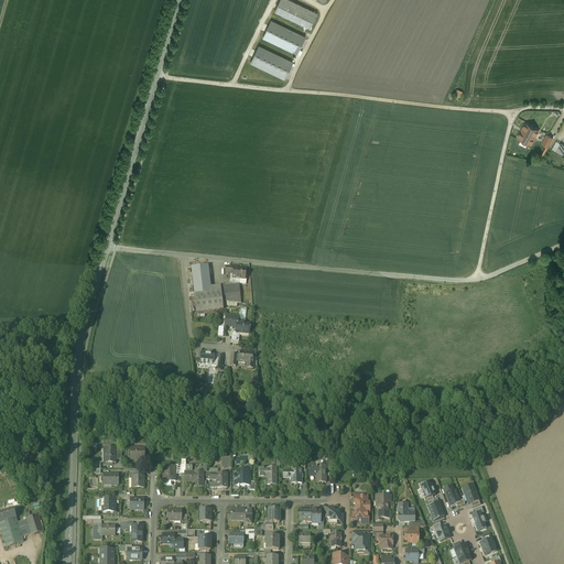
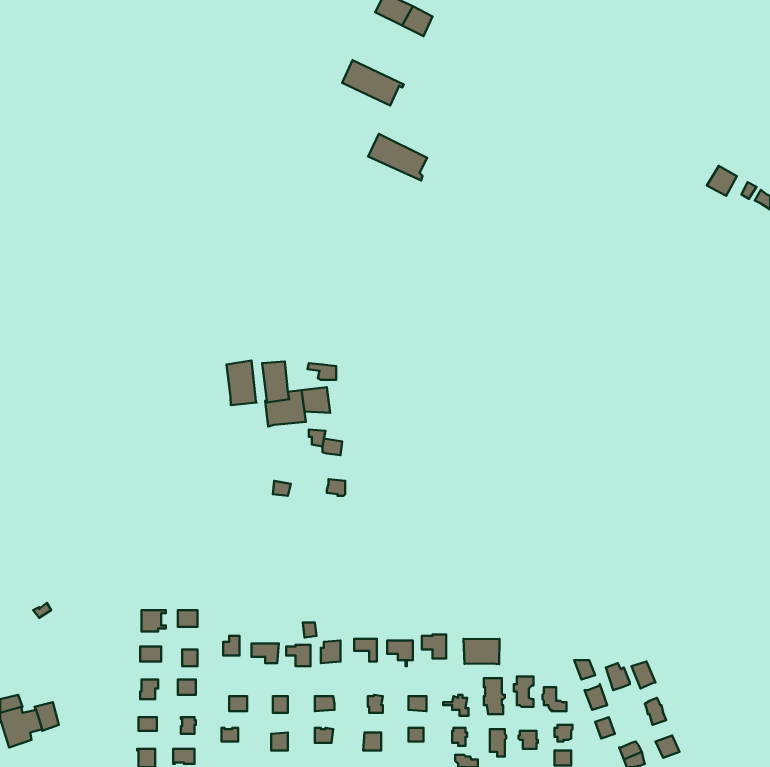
building: [262,19,305,53] -> [368,134,427,180]
building: none -> [226,360,256,405]
building: none -> [464,639,500,664]

